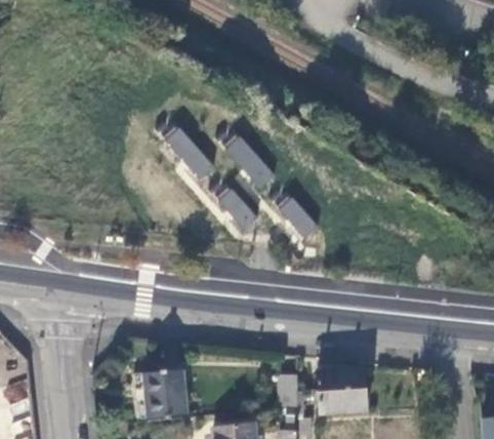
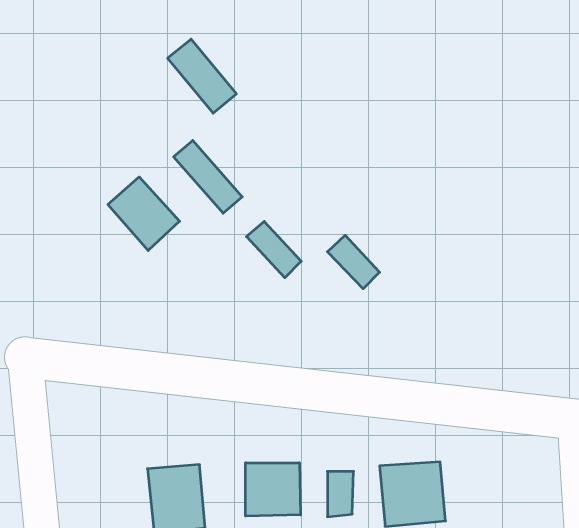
building: [221,134,273,190] -> [168,39,236,113]
building: none -> [108,177,180,251]
building: none -> [246,463,301,516]

